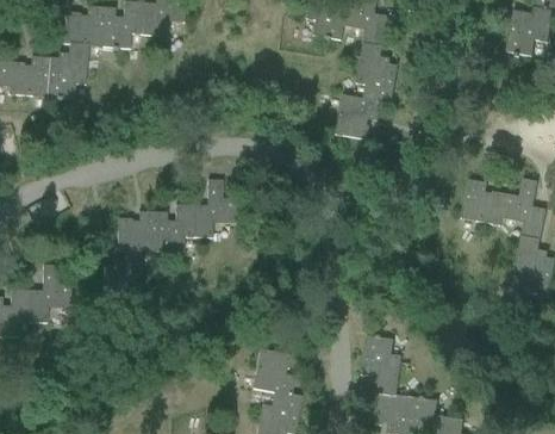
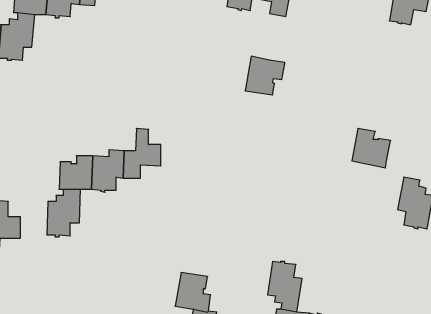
building: [357,44,399,105] -> none
building: [501,178,547,240] -> none

